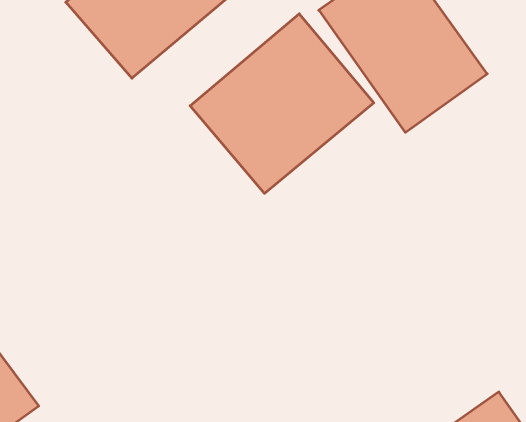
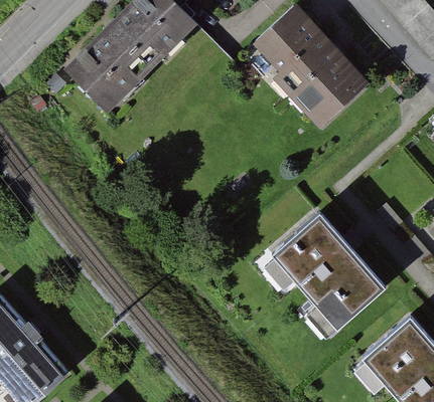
building: [190,14,374,193] -> none
building: none -> [270,213,387,339]

